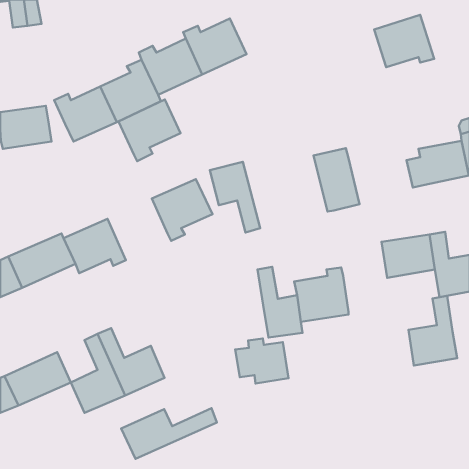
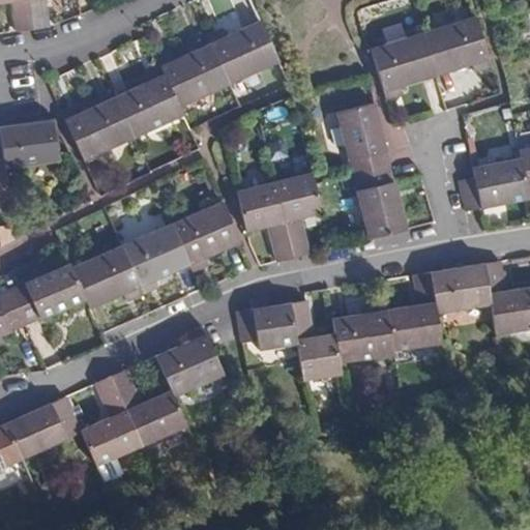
building: none -> [371,33,436,98]
building: none -> [337,104,390,175]
building: [118,100,181,161] -> none
building: none -> [274,173,322,257]
building: none -> [122,224,189,293]
building: none -> [156,327,224,396]
building: [408,296,457,366] -> [387,272,442,351]
building: [235,339,289,384] -> [237,299,297,350]
building: [121,408,217,459] -> none

